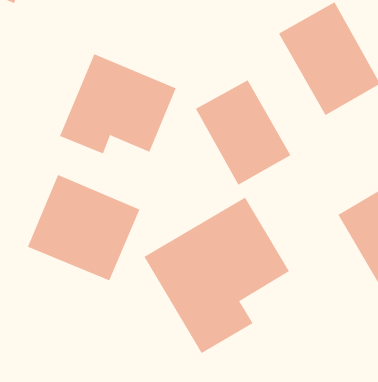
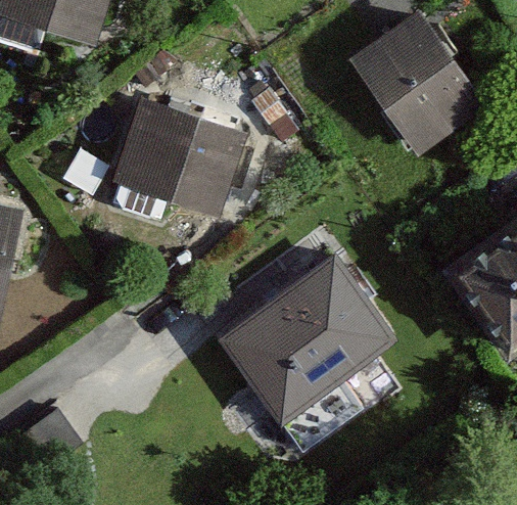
building: [195,79,291,185] -> none
building: [27,174,140,281] -> none

